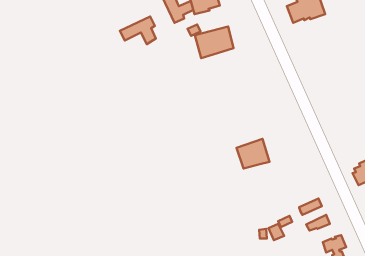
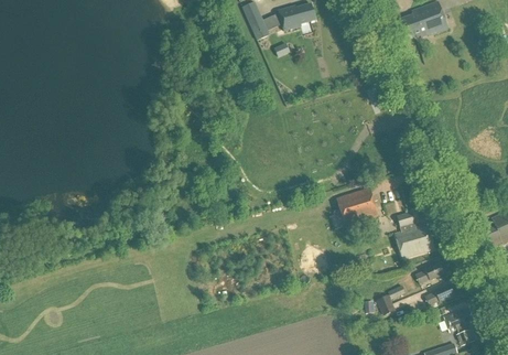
building: [120,16,156,44] -> none
building: [195,27,233,58] -> none
building: none -> [396,209,435,257]

